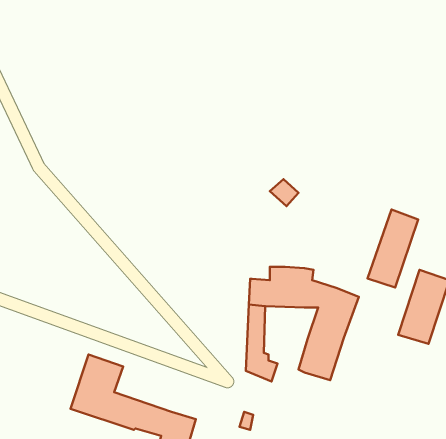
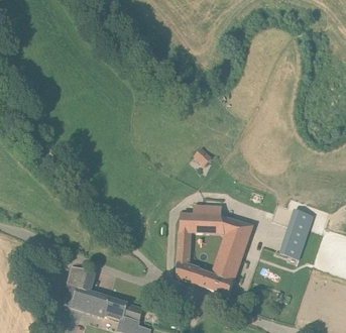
building: [368,210,418,287] -> none
building: none -> [194,270,233,295]

